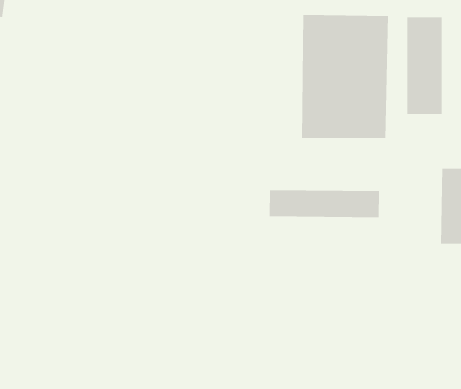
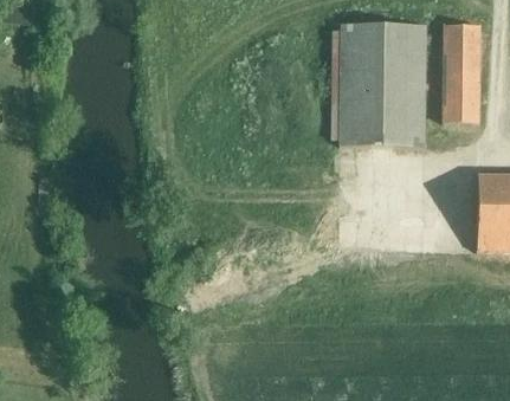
building: [269,190,380,218] -> none

